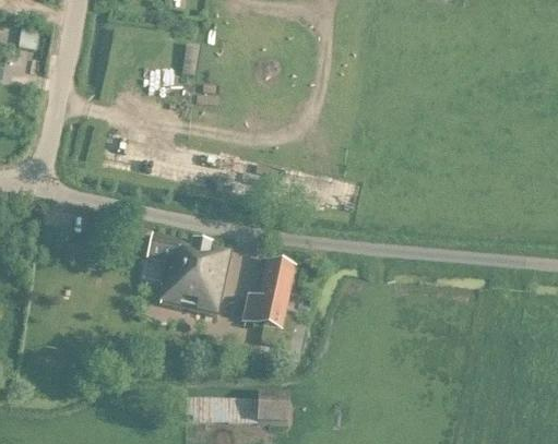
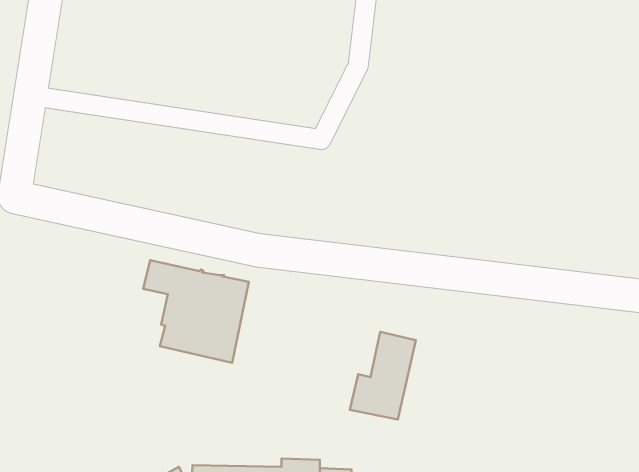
building: [242,259,295,328] -> [350,332,416,419]

